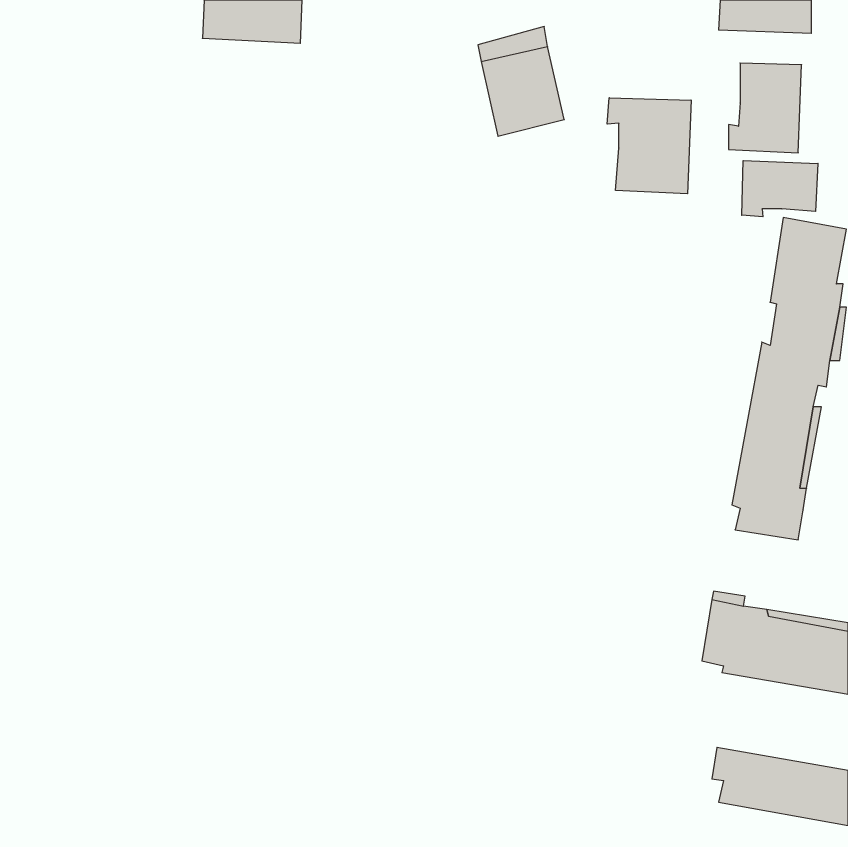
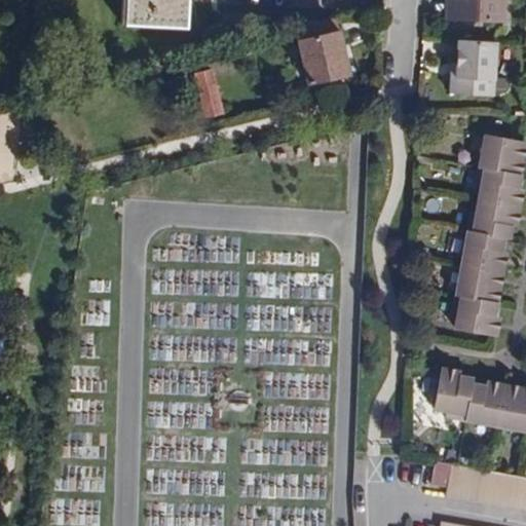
building: [607,98,691,194] -> none
building: none -> [191,68,223,119]
building: [742,161,818,217] -> none

